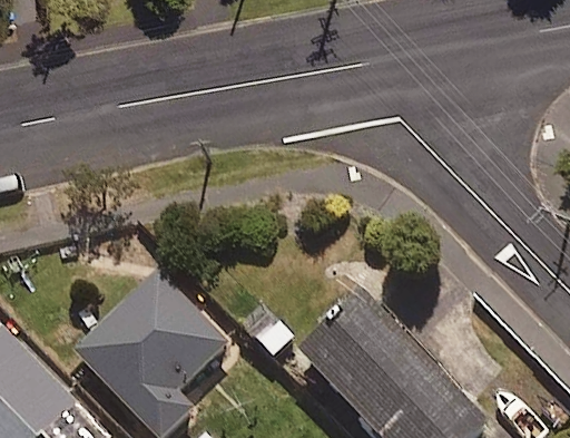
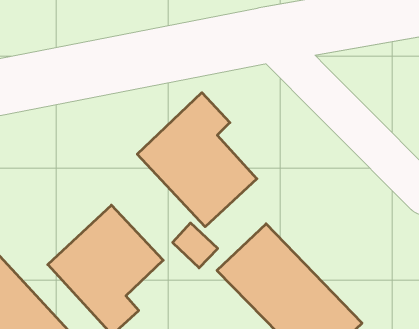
building: none -> [137,93,257,227]

